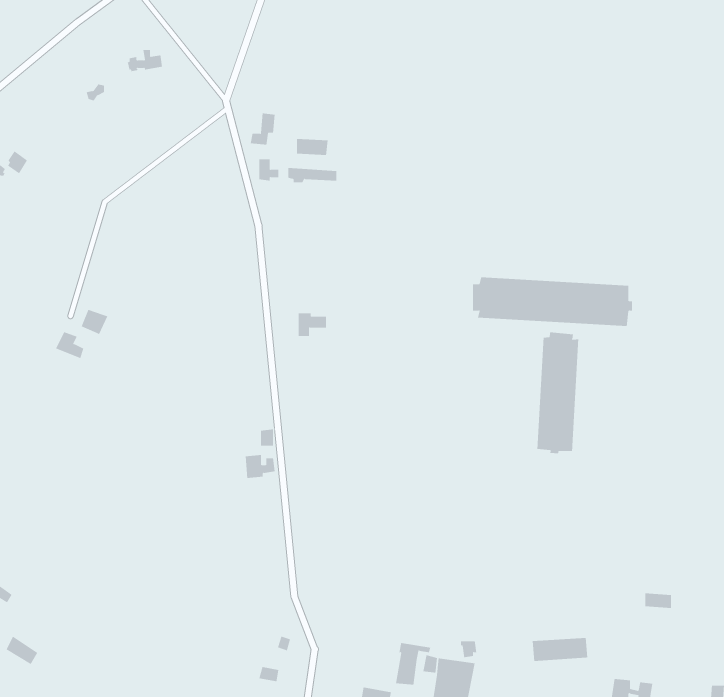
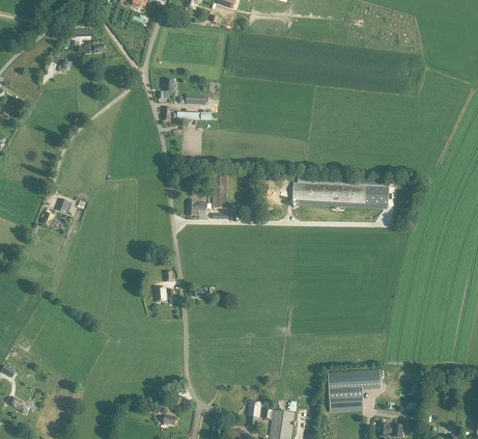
building: [537,331,579,454] -> none
building: none -> [328,369,381,391]

